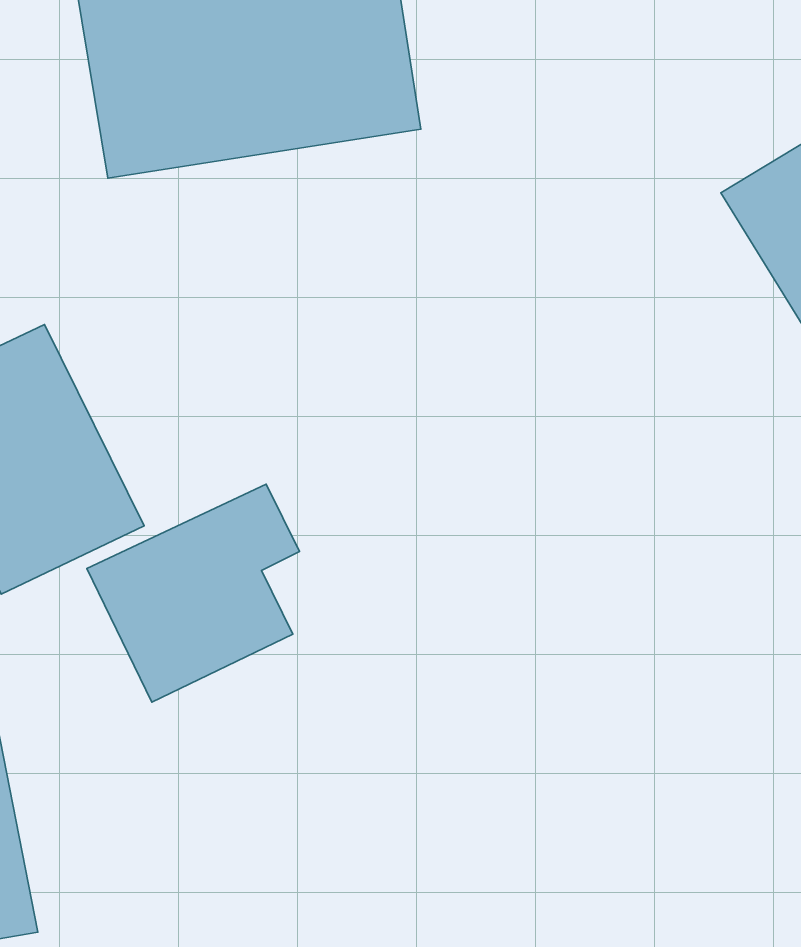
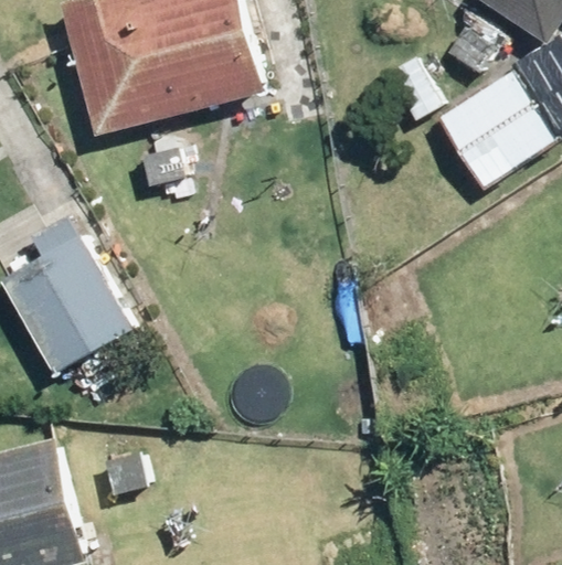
building: [87,484,299,702] -> none

